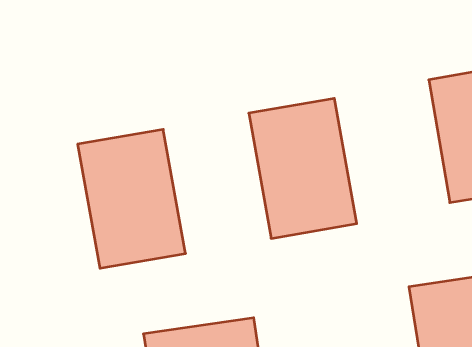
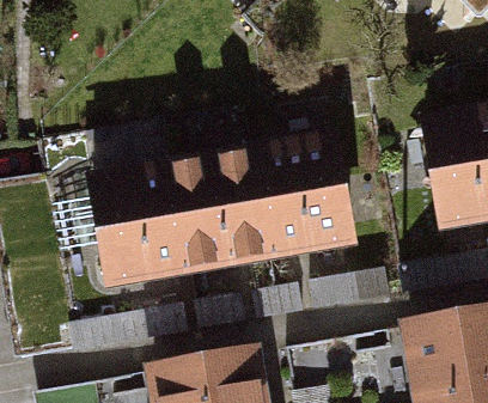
building: none -> [169,148,273,283]

